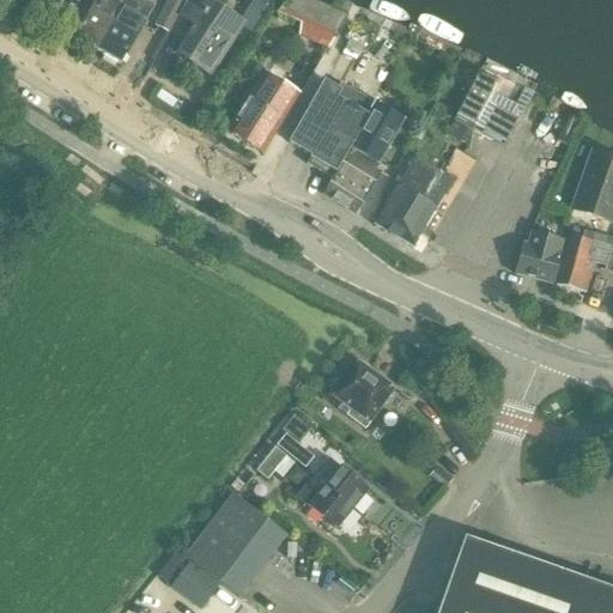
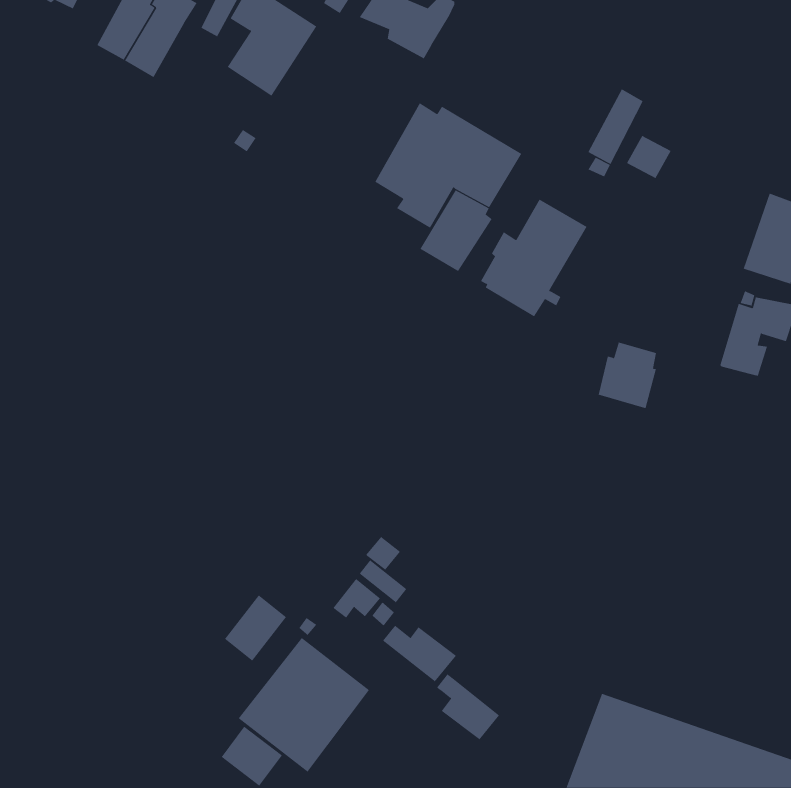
building: [229,69,302,151] -> none
building: [517,230,563,281] -> [598,342,657,409]
building: [329,358,394,425] -> none
building: [321,454,370,505] -> [436,673,500,740]
building: none -> [224,595,287,661]

